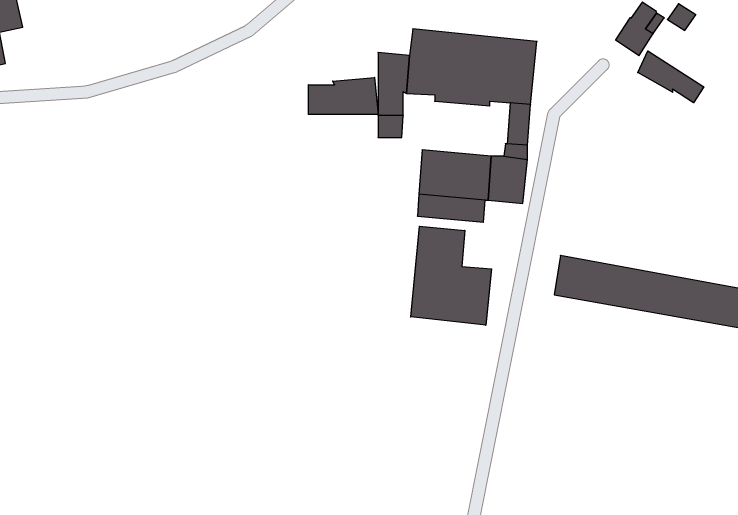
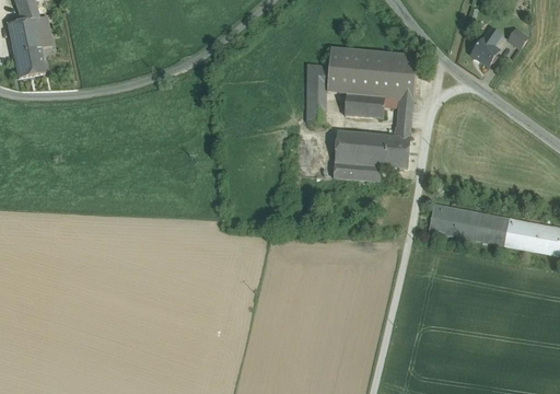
building: [638,51,704,103] -> none
building: [308,77,378,114] -> none
building: none -> [342,97,383,118]
building: [411,226,491,325] -> none

